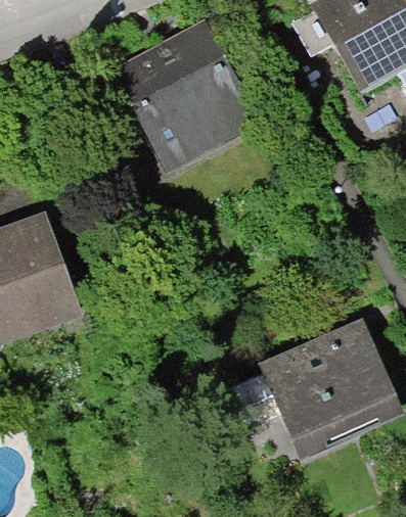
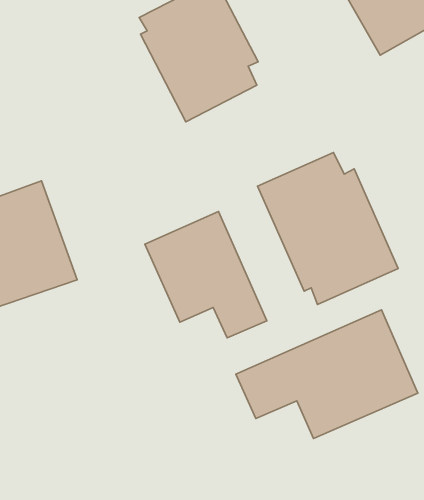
building: none -> [258,152,398,304]
building: none -> [145,211,267,338]

